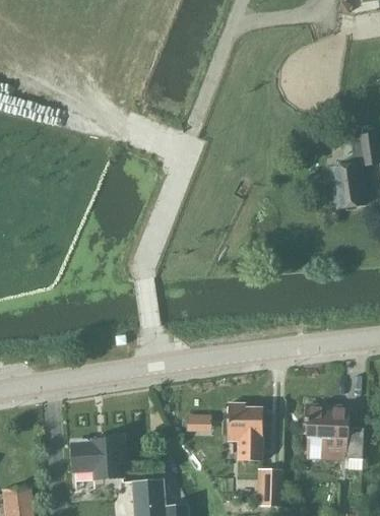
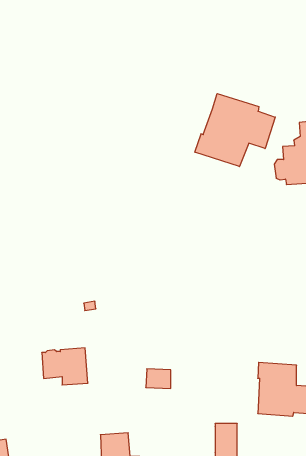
building: none -> [195,94,275,167]
building: [224,403,263,460] -> none
building: [74,438,125,478] -> [42,348,88,385]

